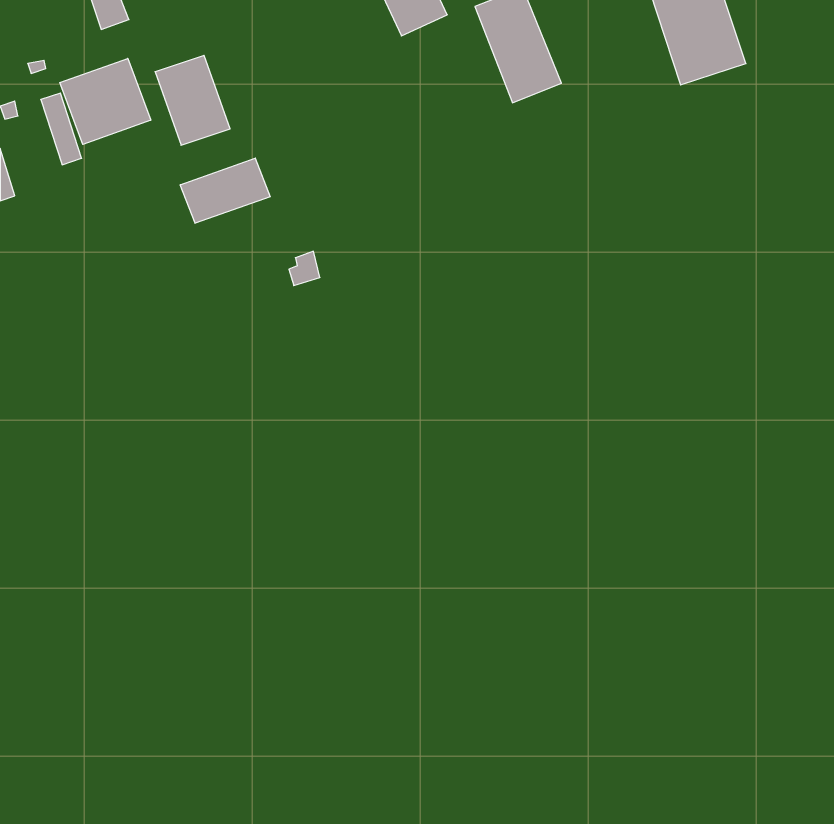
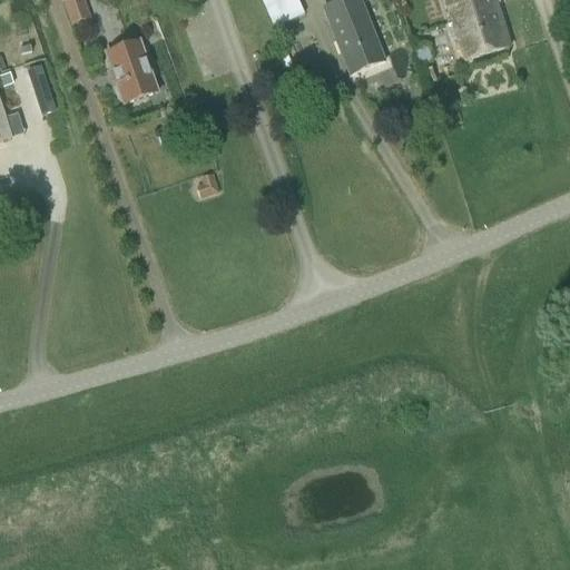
building: [60,58,151,144] -> none
building: [180,158,270,223] -> none

